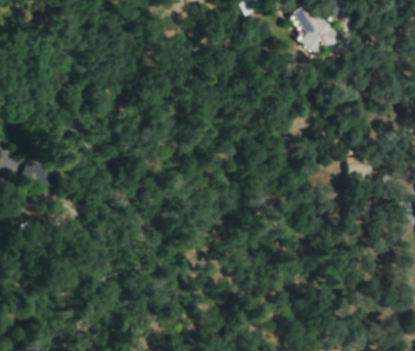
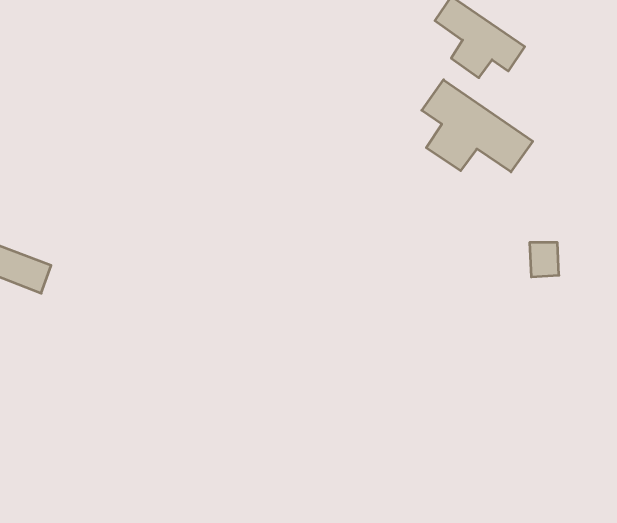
building: none -> [422,80,533,172]

